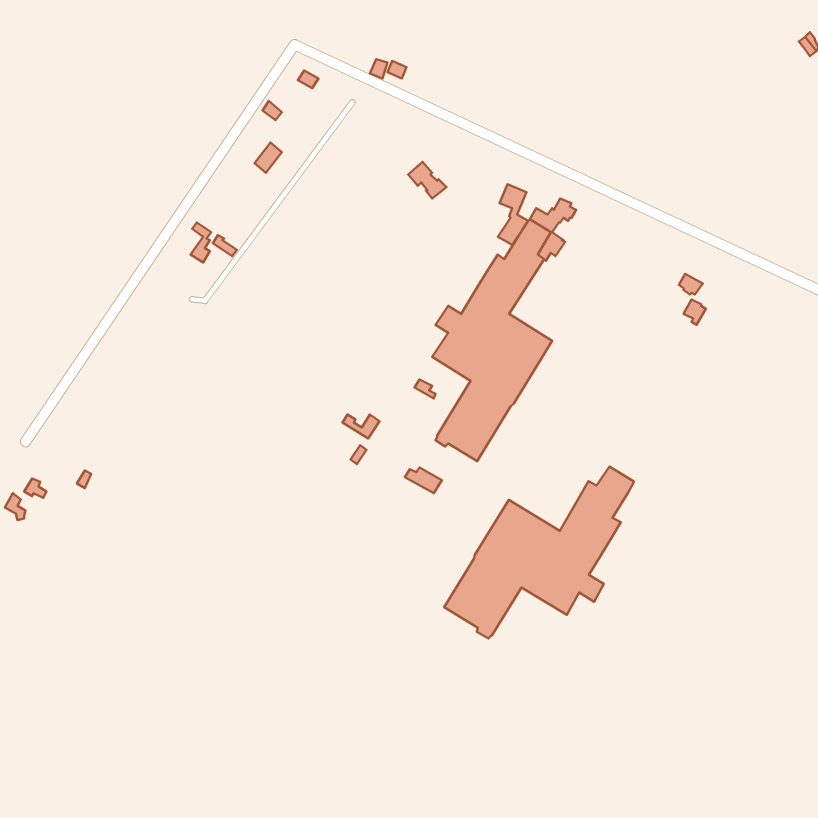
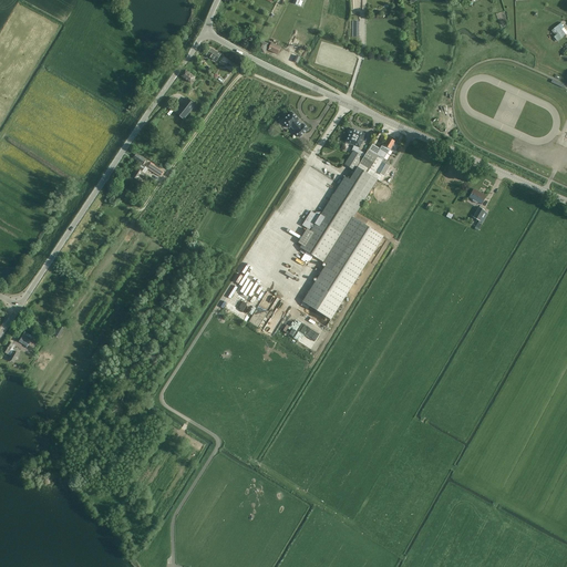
building: [444,467,634,639] -> none

